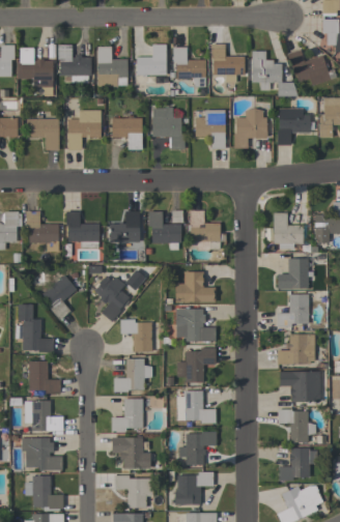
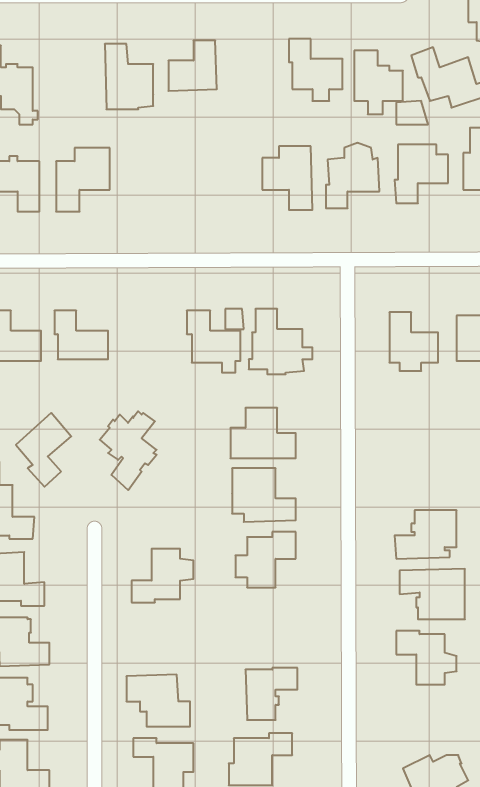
building: [58,45,91,83] -> none
building: [173,48,206,87] -> none
building: [152,107,185,149] -> none
building: [112,118,142,149] -> none
building: [110,210,140,242] -> none
building: [278,258,315,289] -> none
building: [277,294,309,327] -> none
building: [119,318,151,351] -> none
building: [176,390,216,424] -> none
building: [111,399,150,431] -> none
building: [279,447,317,481] -> none

